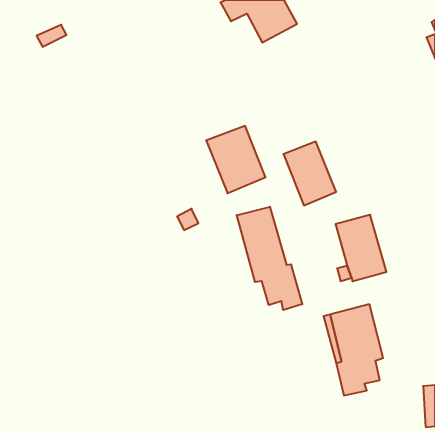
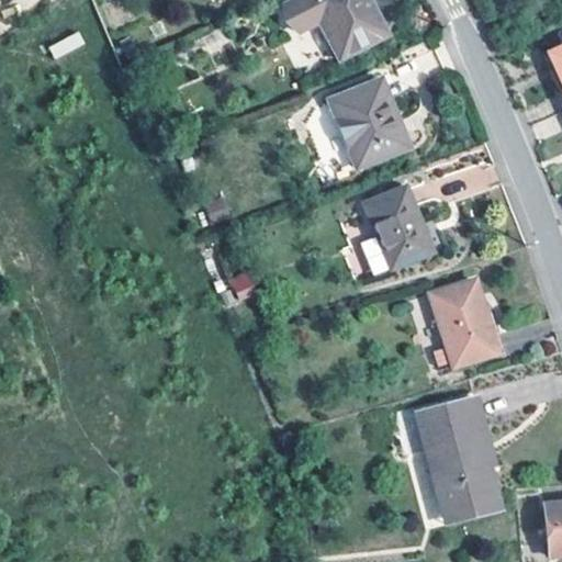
building: [206,126,266,193] -> [330,78,407,165]
building: [237,207,302,310] -> none
building: none -> [443,465,502,522]

